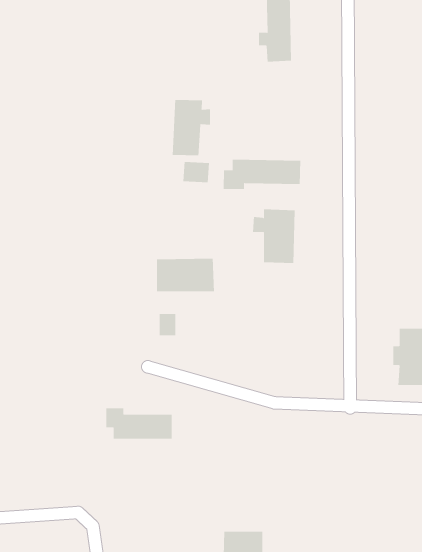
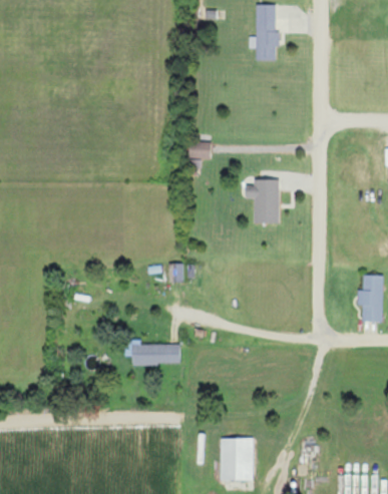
building: [172,99,211,156] -> none
building: [223,159,301,190] -> none
building: [156,258,214,292] -> none

